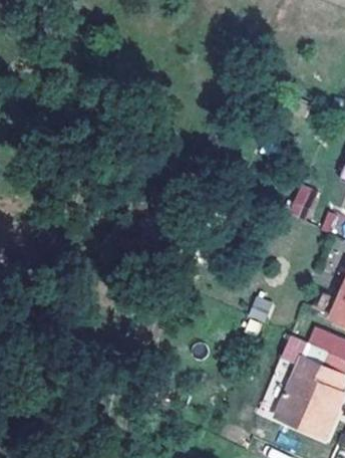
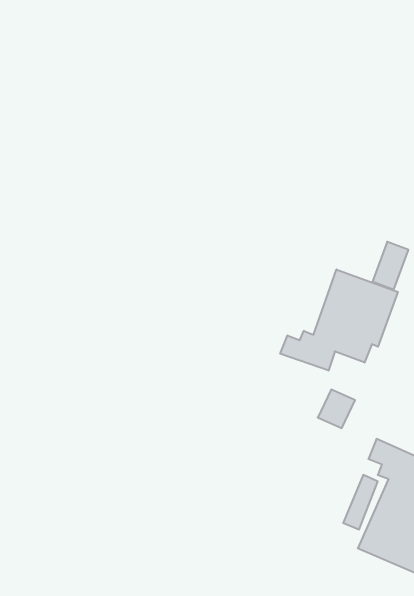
building: none -> [280,269,398,371]

